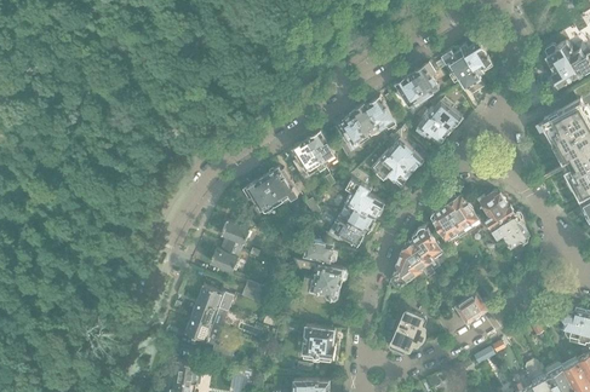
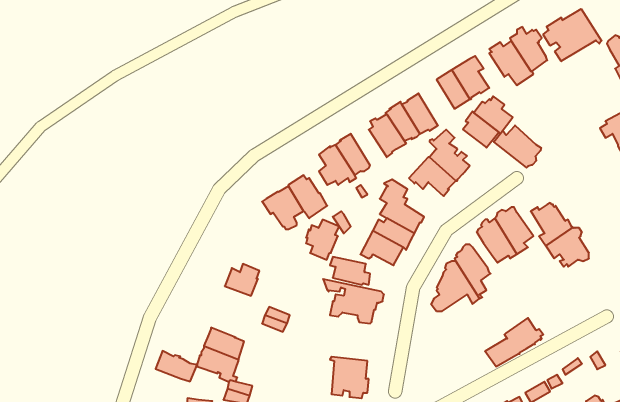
building: none -> [543,9,602,61]
building: none -> [494,125,541,168]
building: [220,217,250,252] -> [306,220,339,260]
building: [196,286,233,312] -> [156,351,197,381]
building: [390,312,425,352] -> none

